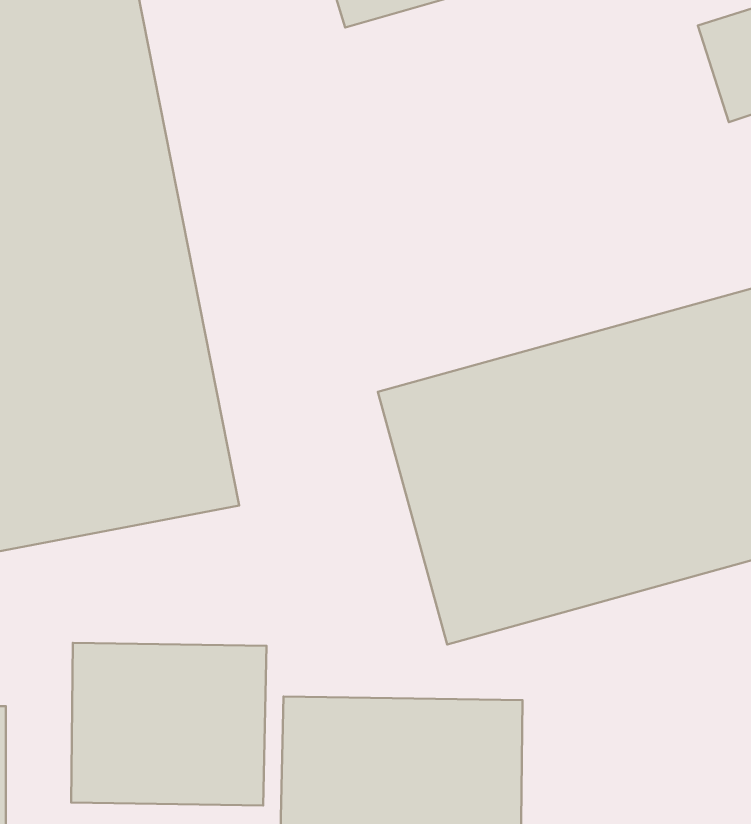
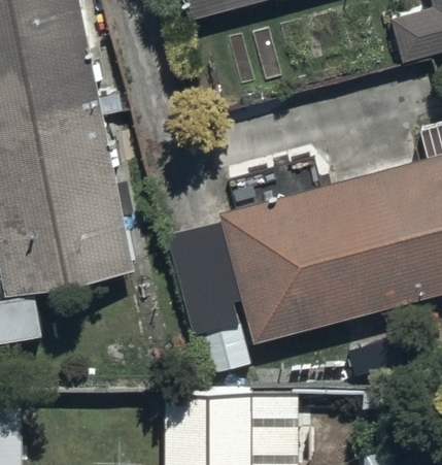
building: [71,643,267,805] -> none

